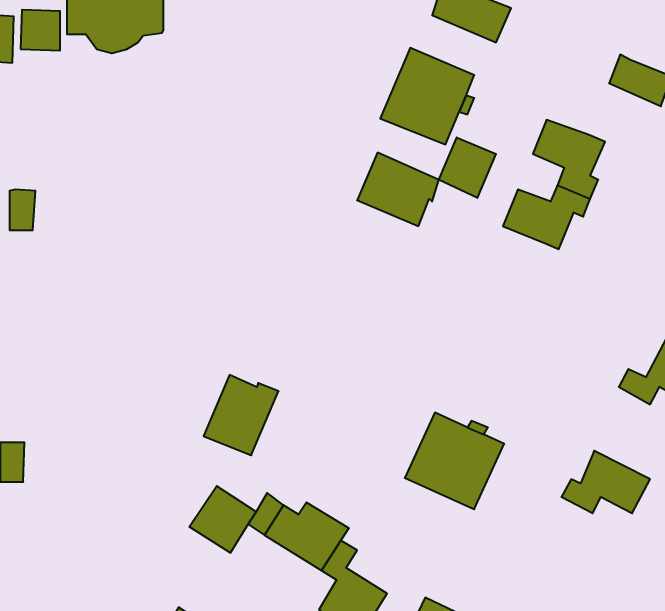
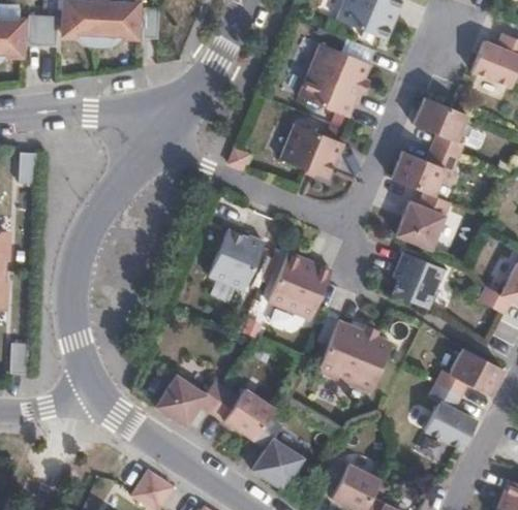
building: [439,137,496,198] -> none
building: none -> [397,191,451,250]
building: none -> [267,251,332,319]
building: none -> [393,252,445,308]
building: [204,375,279,455] -> [207,228,264,289]
building: none -> [425,383,478,449]

